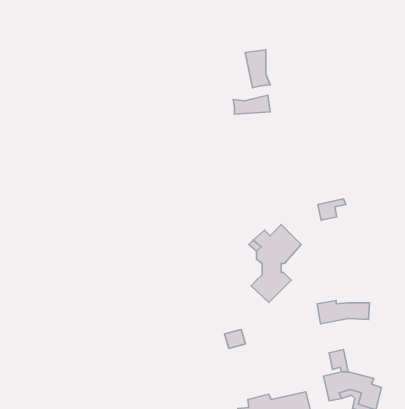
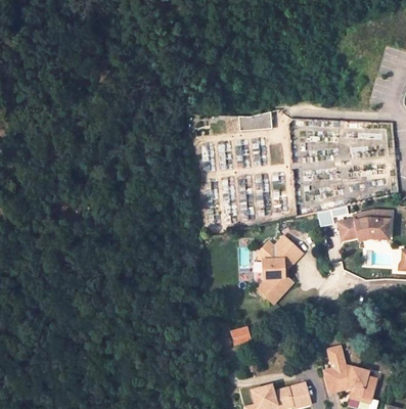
building: [245,50,270,88] -> none
building: [317,301,370,324] -> [339,218,387,239]

